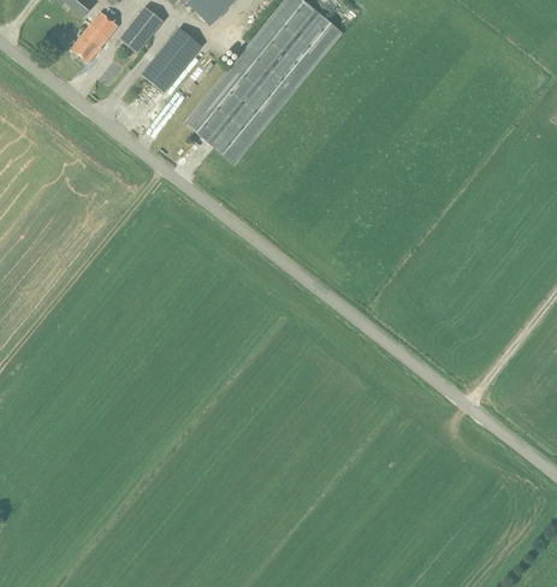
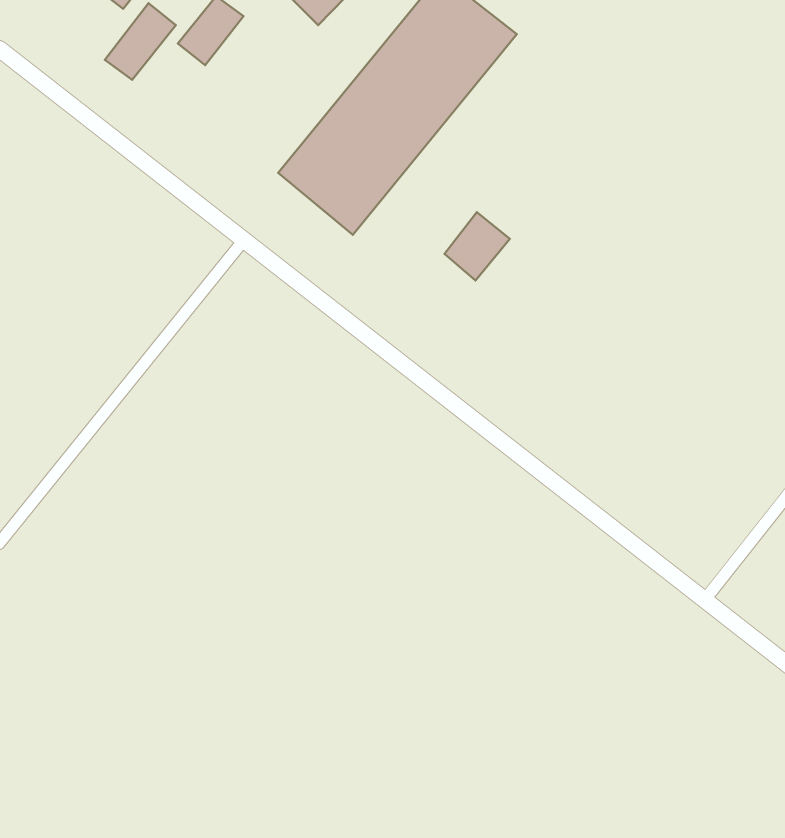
building: [141,26,202,91] -> none
building: none -> [444,212,510,281]

